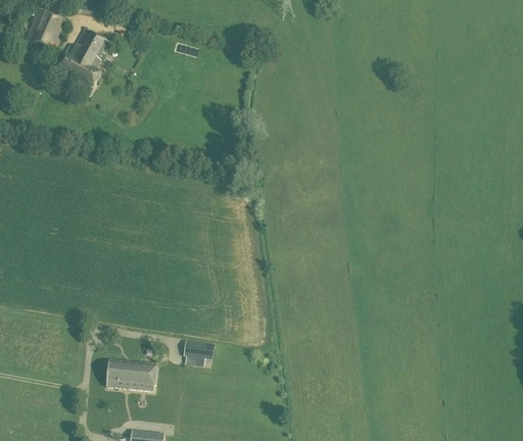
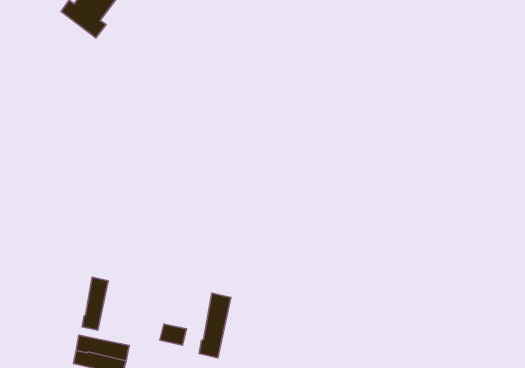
building: none -> [82,277,108,330]
building: none -> [199,293,231,358]

